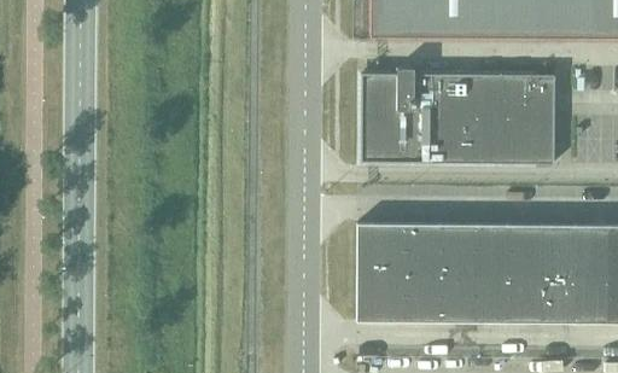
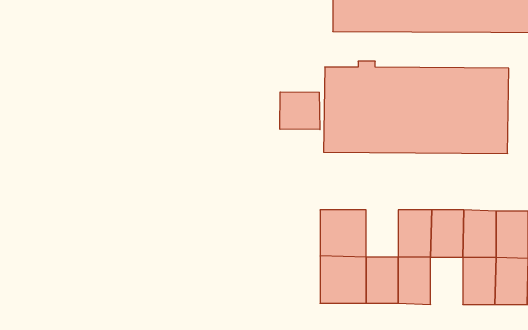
building: none -> [280,92,320,130]
building: [407,223,441,273] -> none
building: [474,273,508,322] -> none

